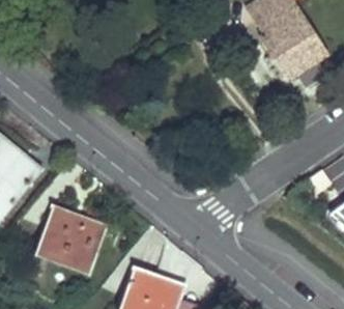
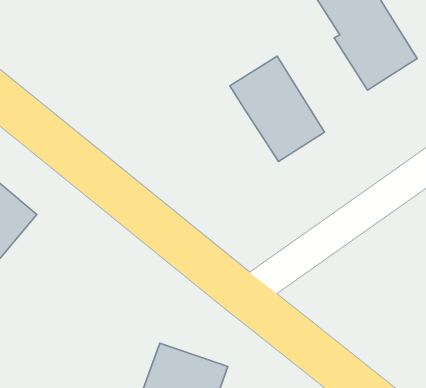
building: none -> [230,56,324,162]
building: [38,206,106,268] -> none

